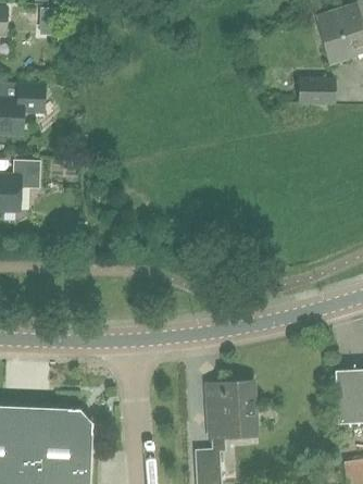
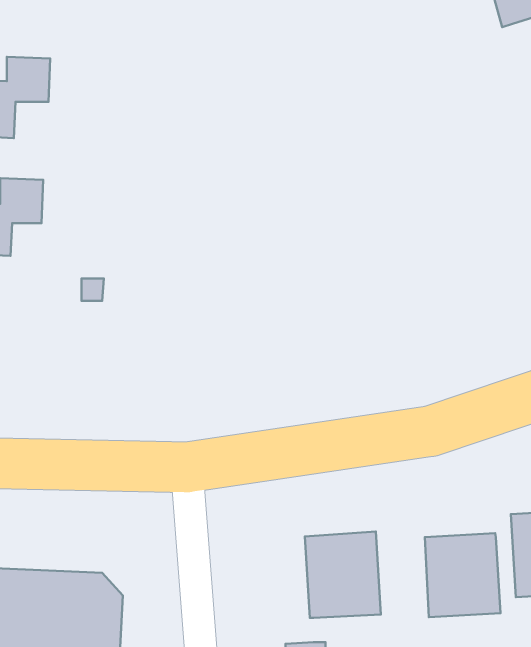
building: [297,77,335,104] -> none
building: none -> [425,533,501,617]

